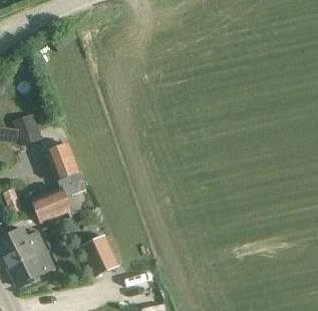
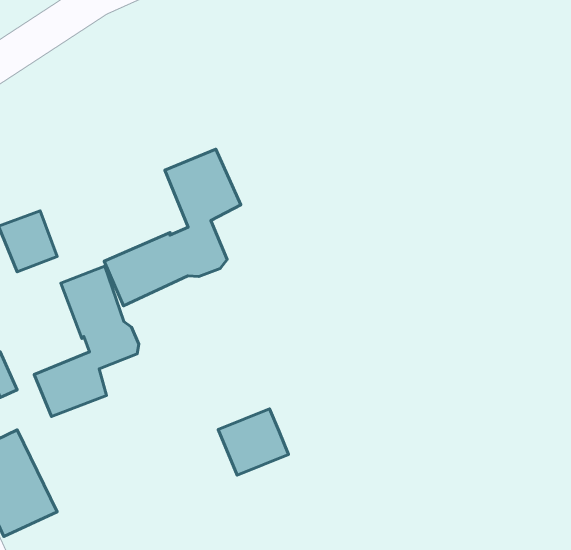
building: none -> [104,149,241,306]
building: [84,234,121,269] -> [218,409,289,475]

